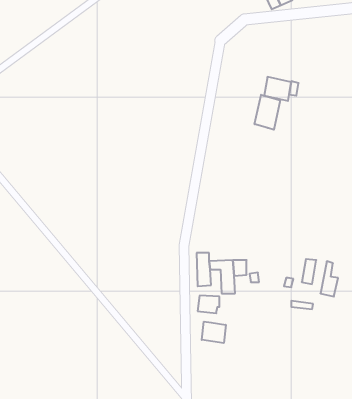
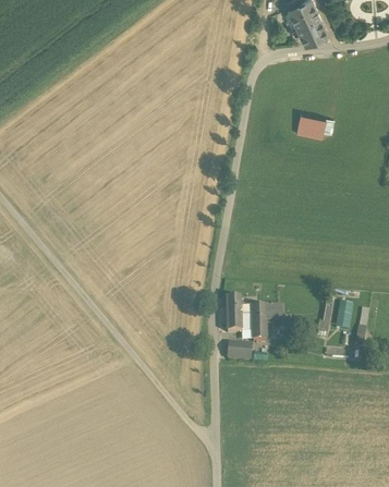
building: [255,95,280,130] -> none
building: [202,322,226,343] -> none

